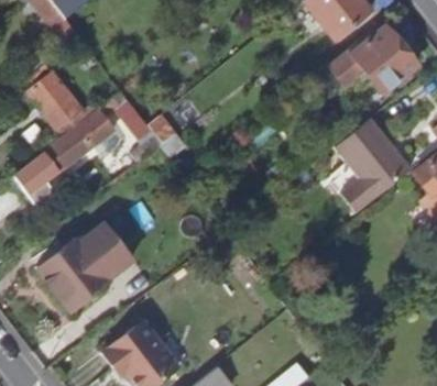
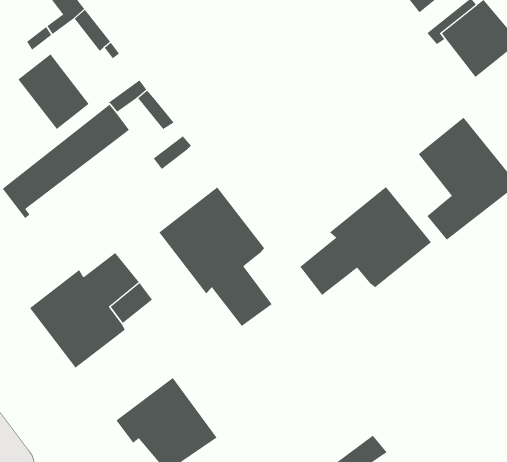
building: none -> [300,186,432,296]
building: none -> [159,186,273,327]

